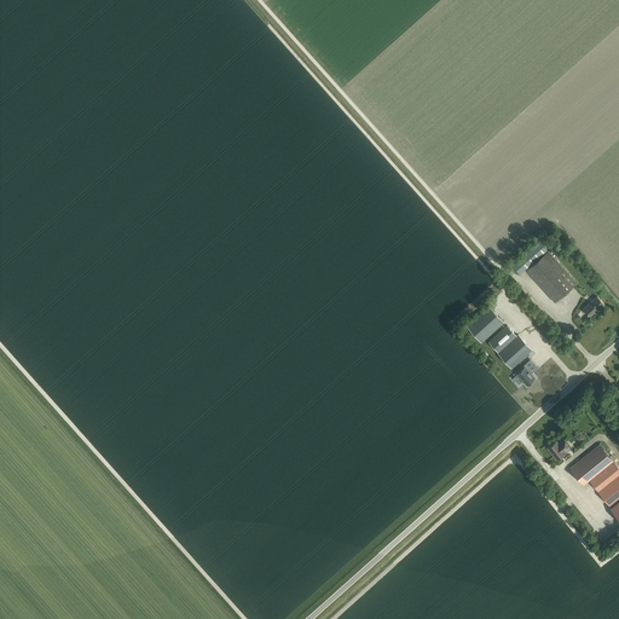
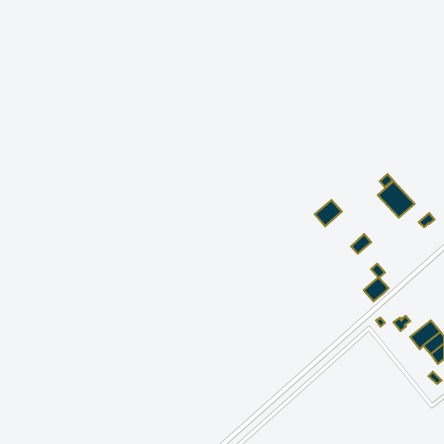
building: [467,307,504,343] -> [315,200,342,226]
building: [498,336,532,369] -> [364,278,388,301]

